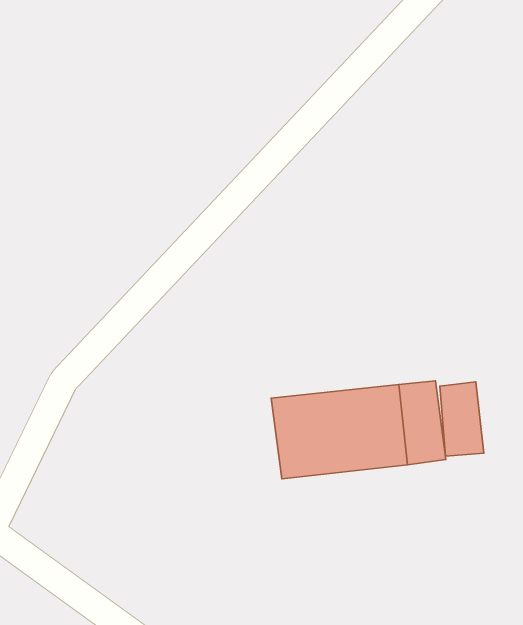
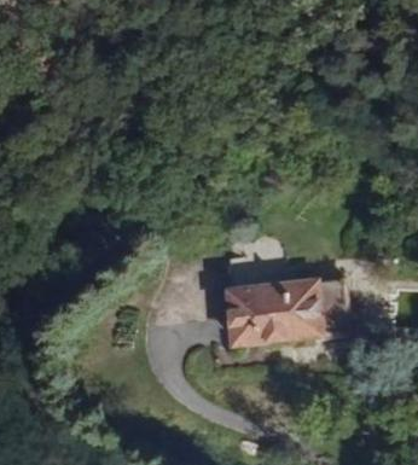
building: [440,382,484,456] -> none

